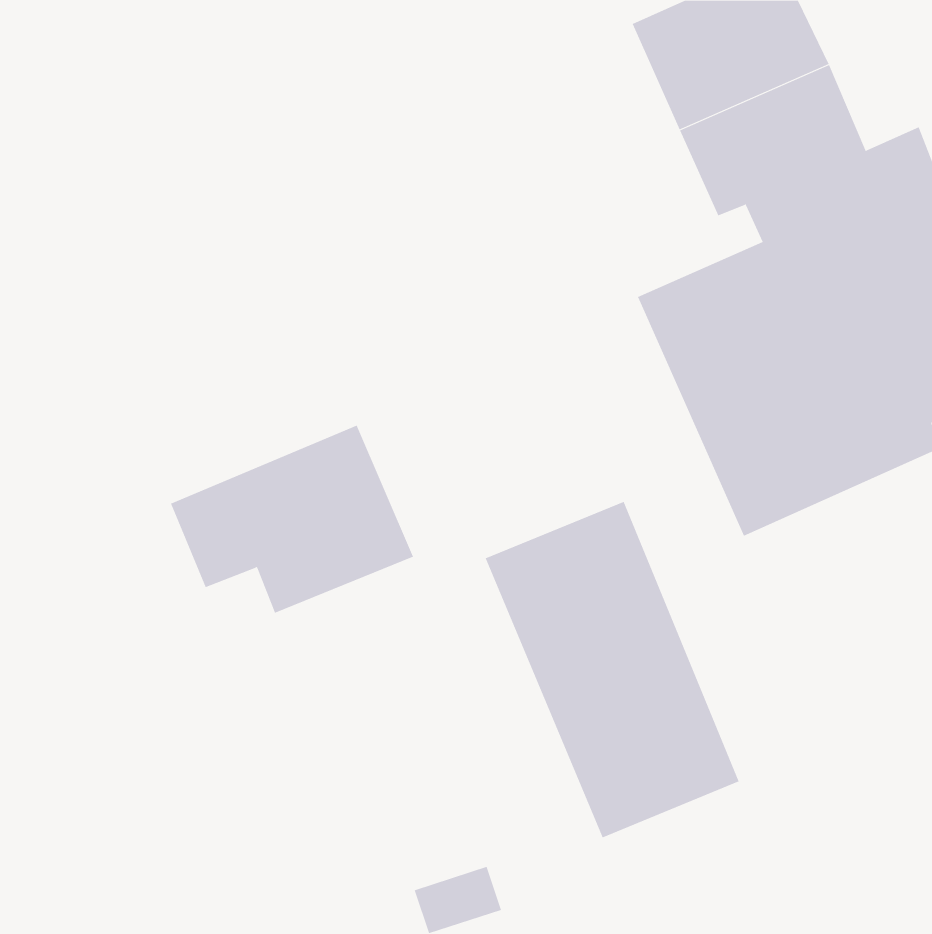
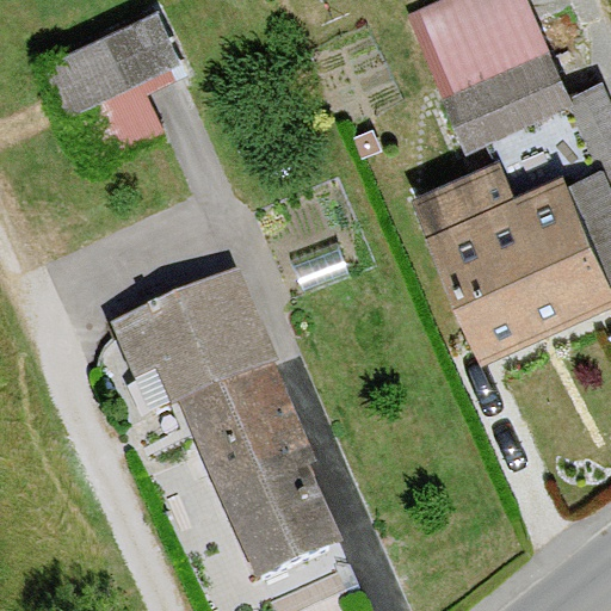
building: none -> [47,11,187,166]
building: [485,501,739,838] -> [181,364,347,584]

